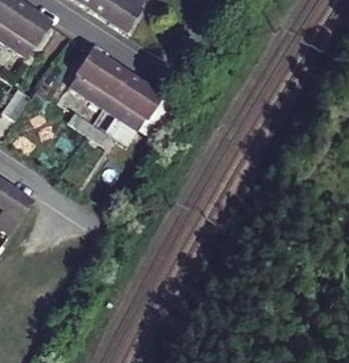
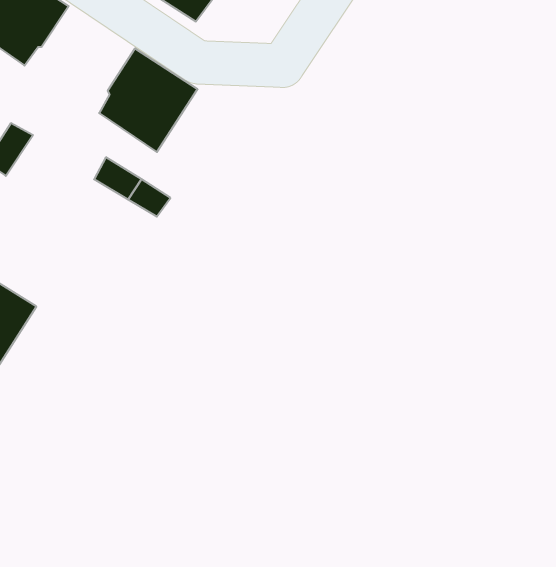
building: [103,71,162,130] -> none

